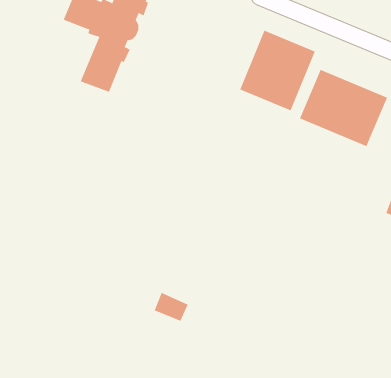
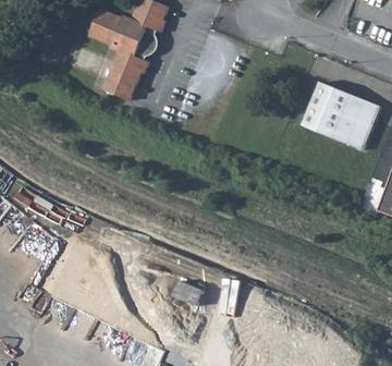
building: [239,30,315,111] -> none

